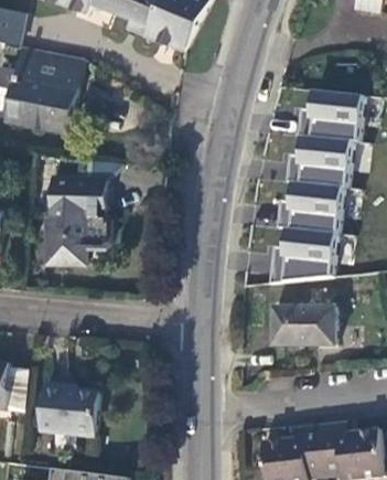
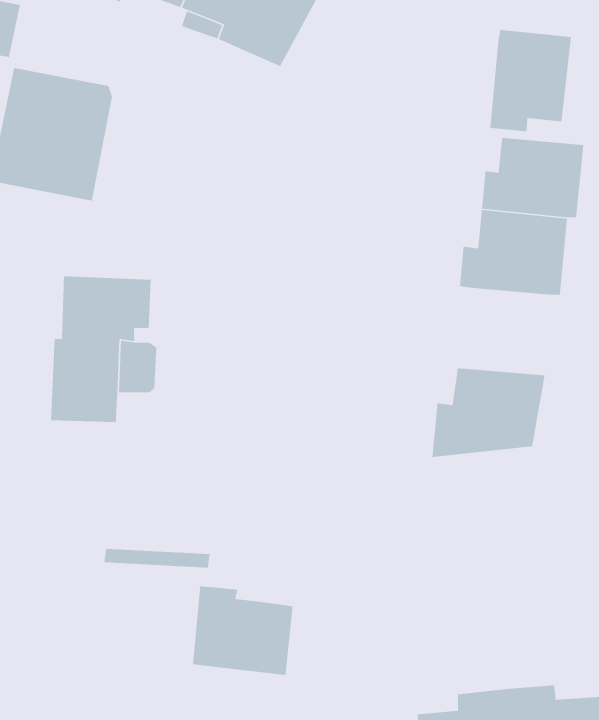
building: none -> [489,29,572,132]
building: [279,183,343,235] -> none
building: [270,308,334,345] -> none
building: [40,380,100,434] -> [192,586,293,676]

